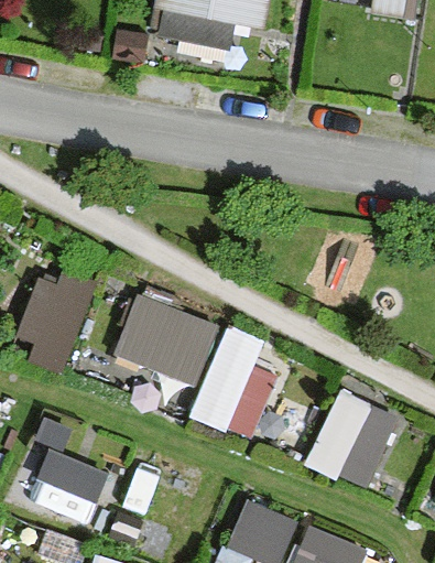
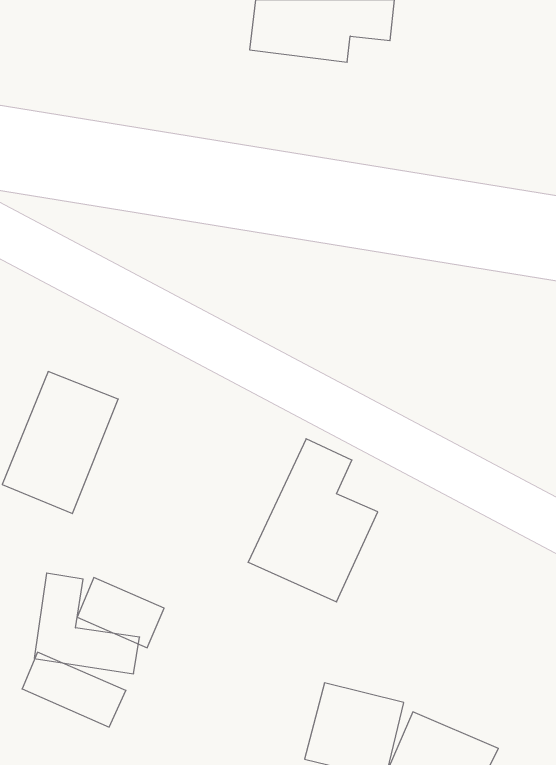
building: [115,295,217,382] -> none
building: [305,389,402,492] -> none

